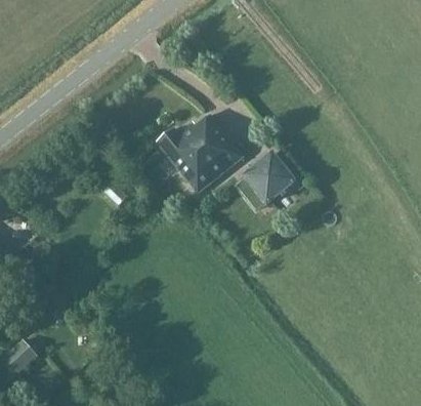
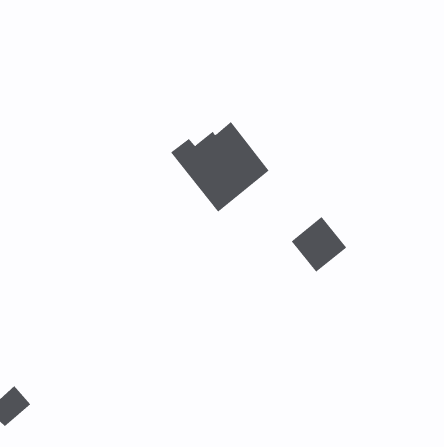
building: [243,154,291,202] -> [291,216,347,273]

